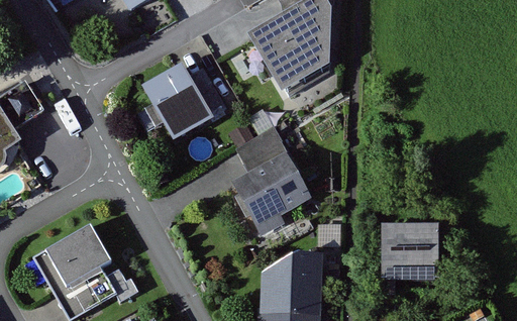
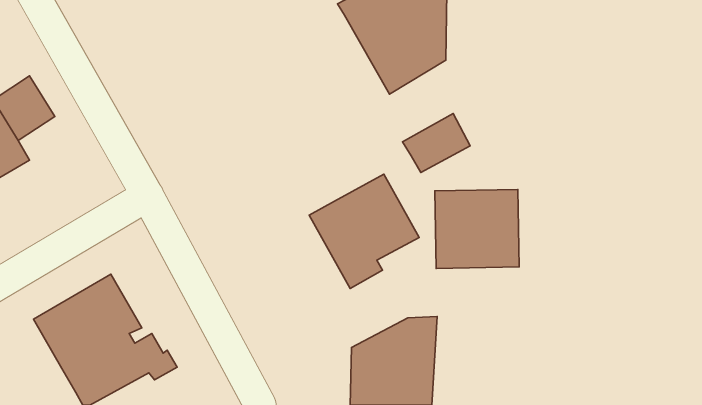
building: [142,61,213,136] -> none
building: [237,128,286,171] -> [403,114,470,173]
building: [378,223,438,280] -> [435,189,519,268]

